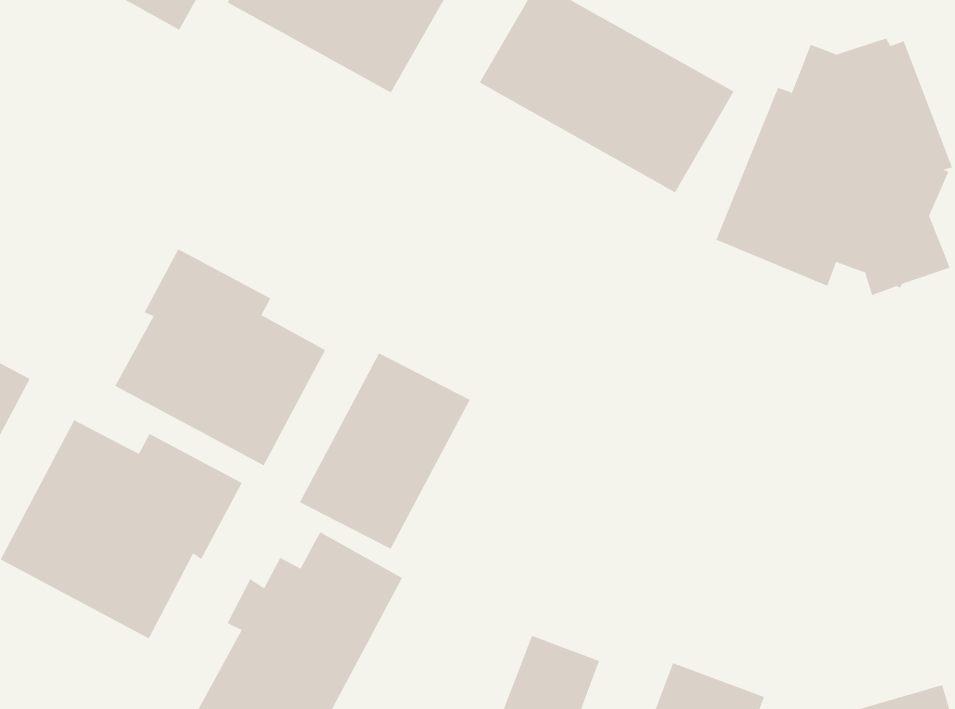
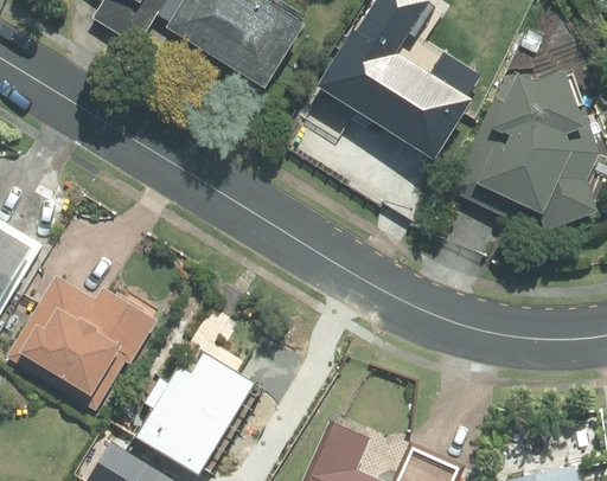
building: [114,249,326,466] -> none
building: [299,352,470,550] -> none

